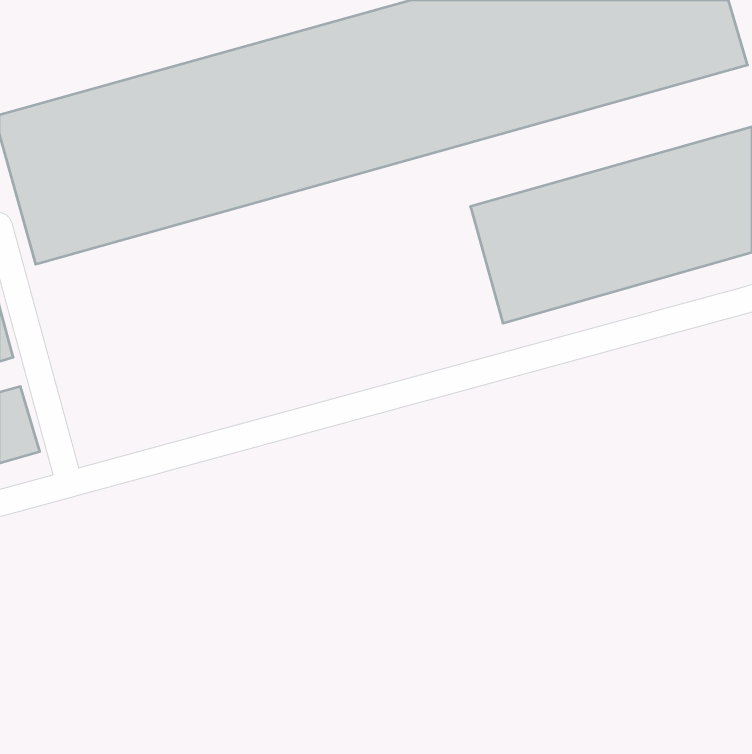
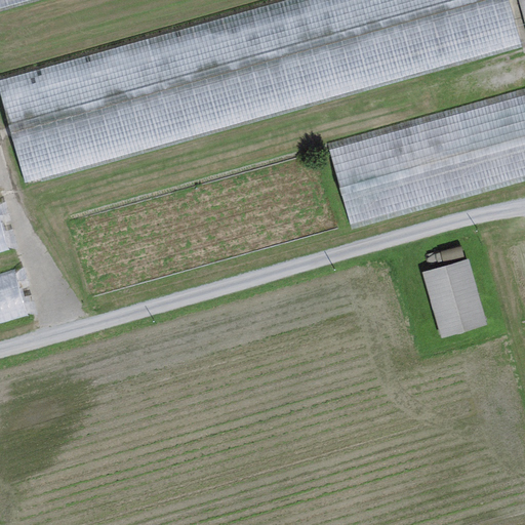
building: none -> [422,255,488,335]

